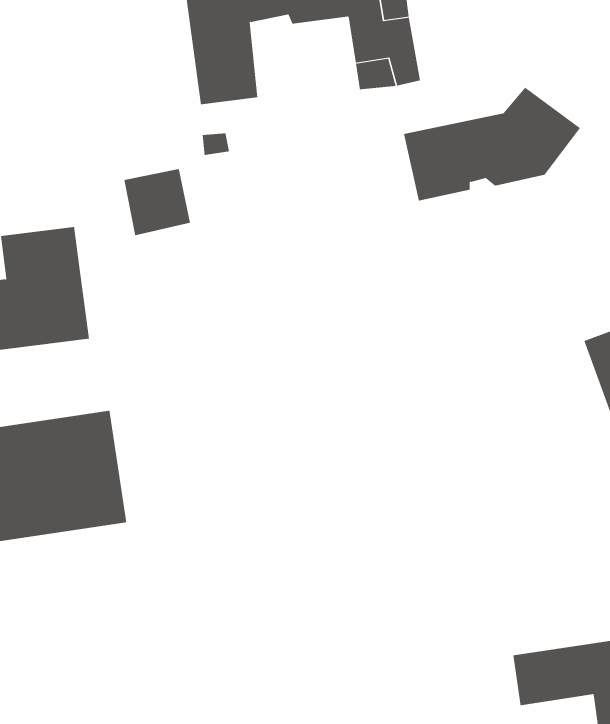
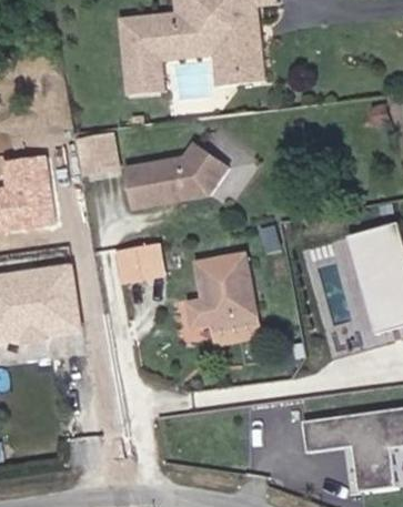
building: [403,87,581,201] -> [123,140,229,207]
building: none -> [101,244,148,282]
building: none -> [181,252,259,343]

